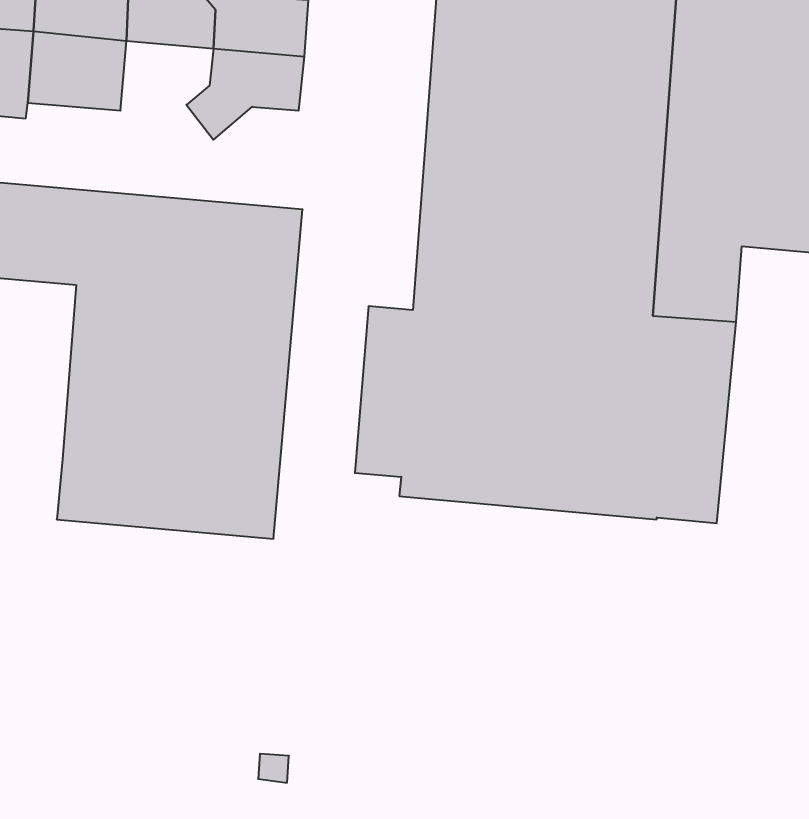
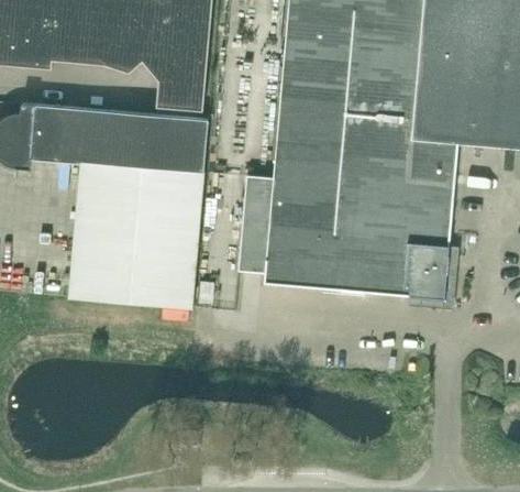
building: none -> [106,24,158,72]
building: none -> [156,62,207,110]

